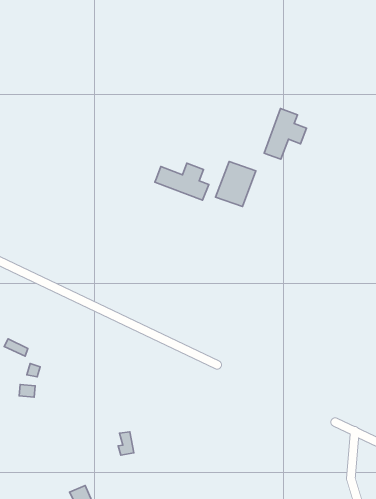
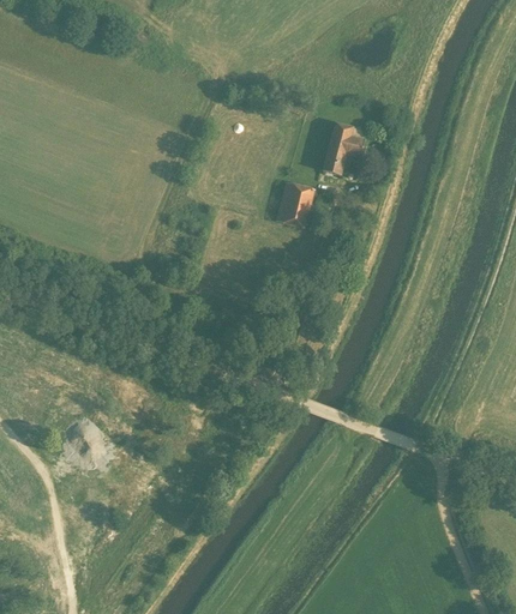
building: [155,163,209,200] -> none

